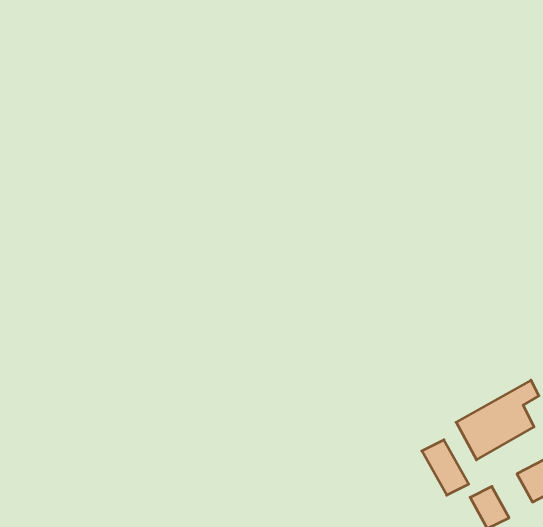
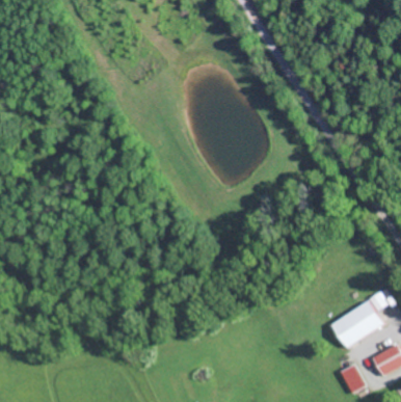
building: [422,440,469,495] -> none

